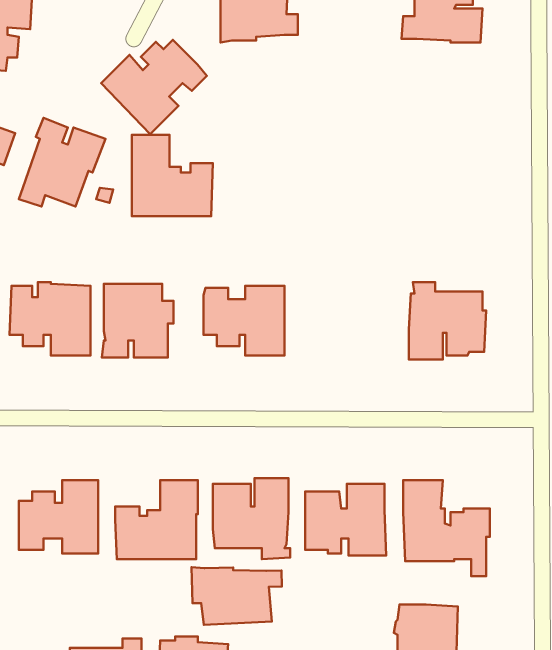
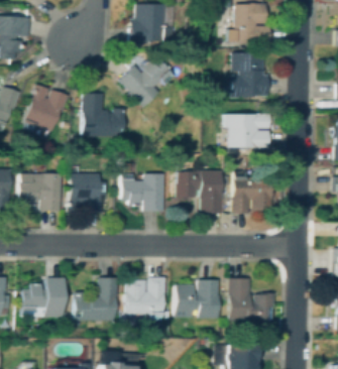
building: [101,40,207,134] -> [119,56,176,107]
building: none -> [231,52,268,97]
building: none -> [224,113,269,148]
building: none -> [176,169,222,213]
building: [191,567,282,625] -> none

